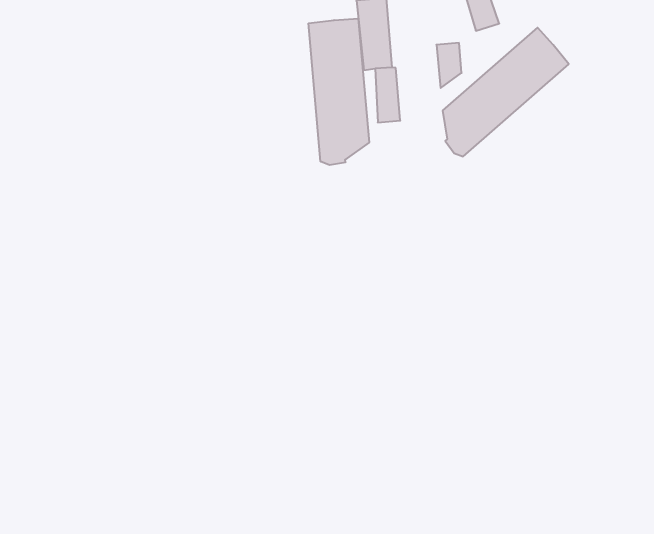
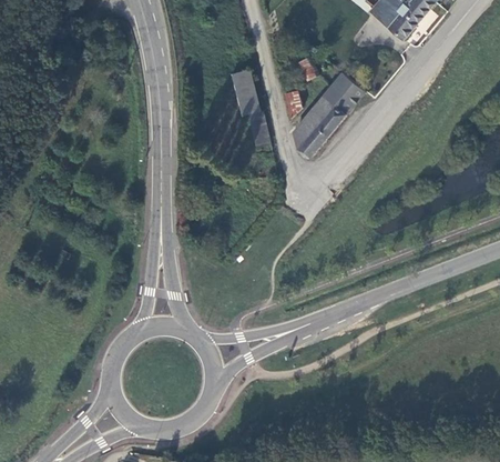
building: [309,18,369,165] -> none

